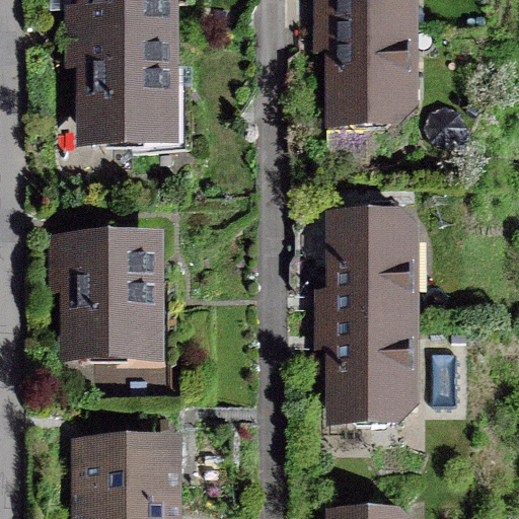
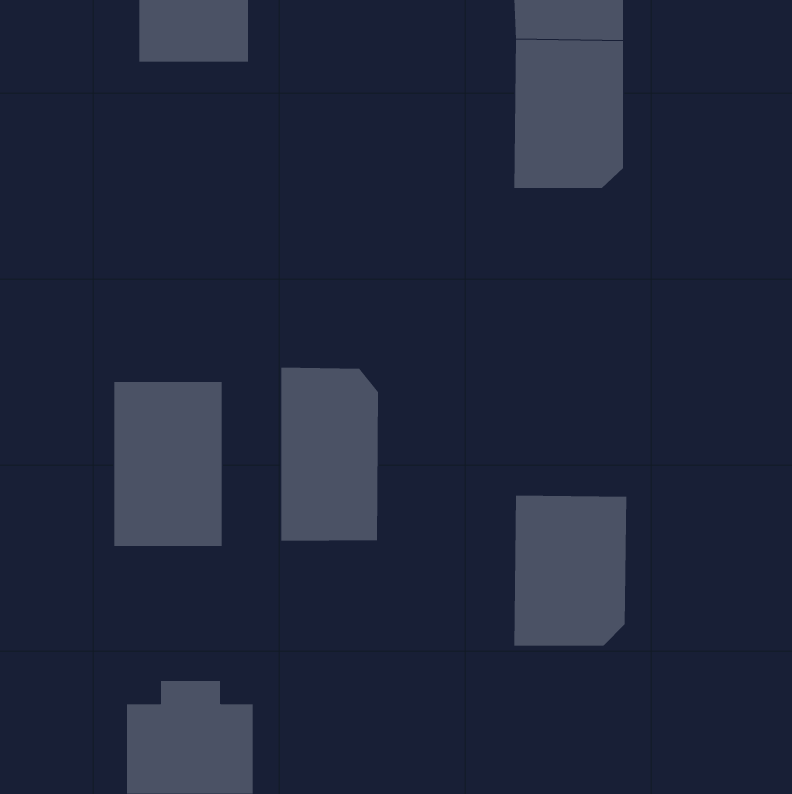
building: [90,41,162,141] -> none
building: [336,225,409,323] -> none
building: none -> [281,367,379,541]

